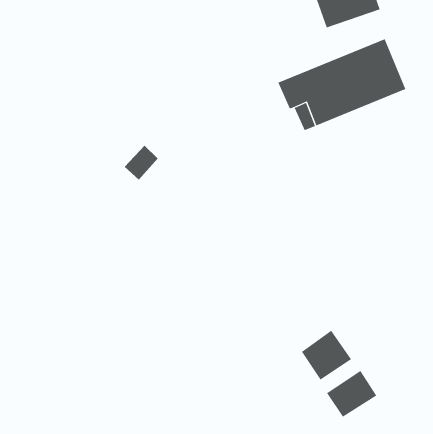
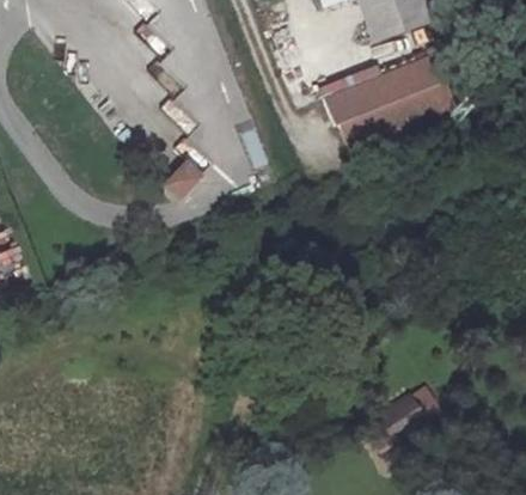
building: [301,330,352,380] -> none

